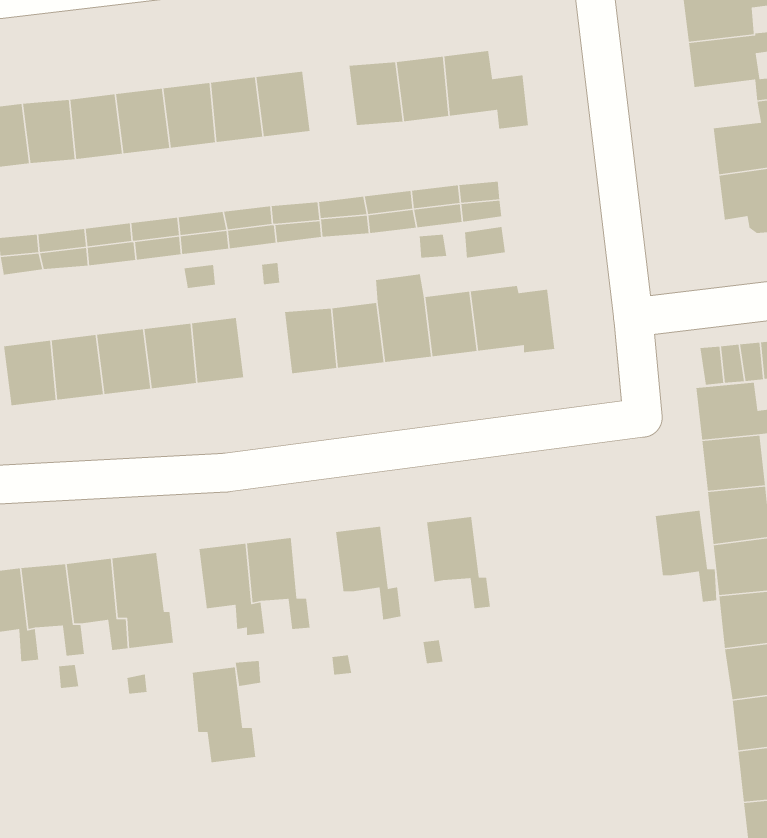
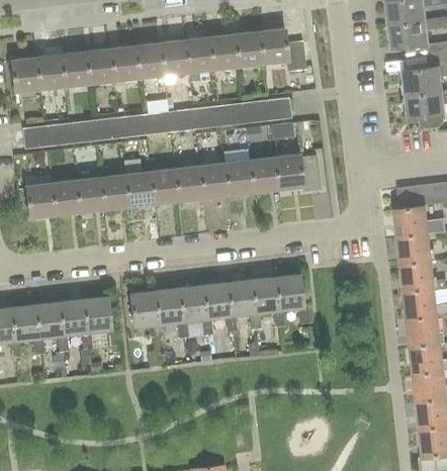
building: none -> [184,36,212,72]
building: none -> [149,168,178,203]
building: [655,510,717,603] -> [274,274,307,323]
building: none -> [226,280,260,329]
building: [192,667,256,763] -> [178,285,212,337]

